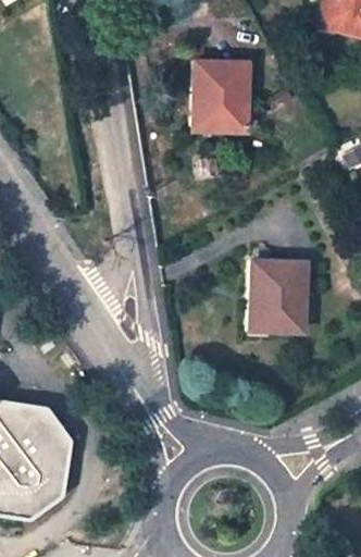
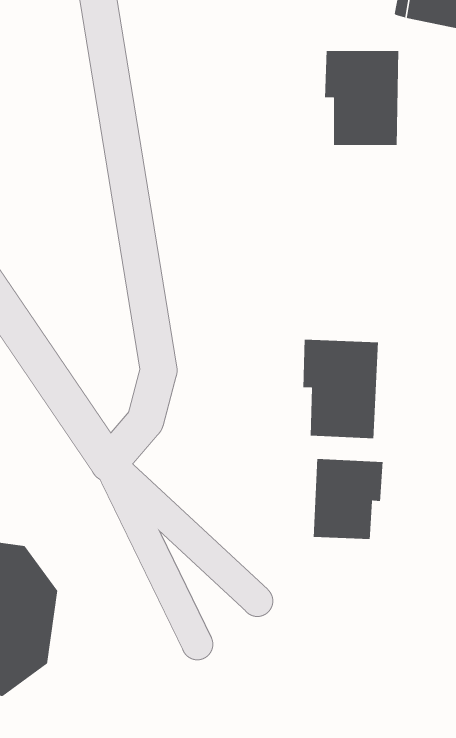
building: [190,60,245,129] -> [324,50,399,146]
building: none -> [313,458,383,540]

